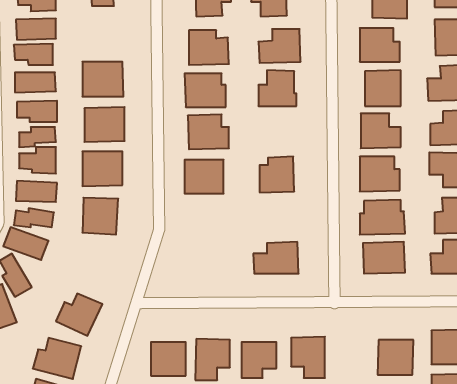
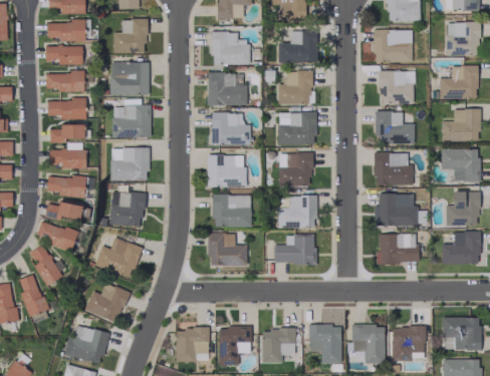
building: none -> [113,19,147,53]
building: none -> [278,112,316,145]
building: none -> [212,195,251,227]
building: none -> [277,196,316,229]
building: none -> [208,233,247,266]
building: none -> [95,238,142,279]
building: none -> [352,325,386,363]

